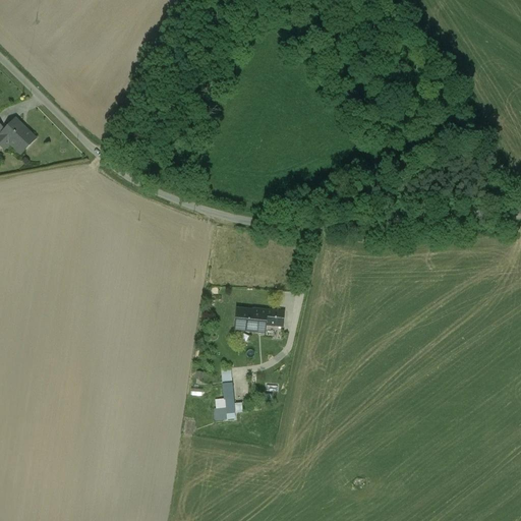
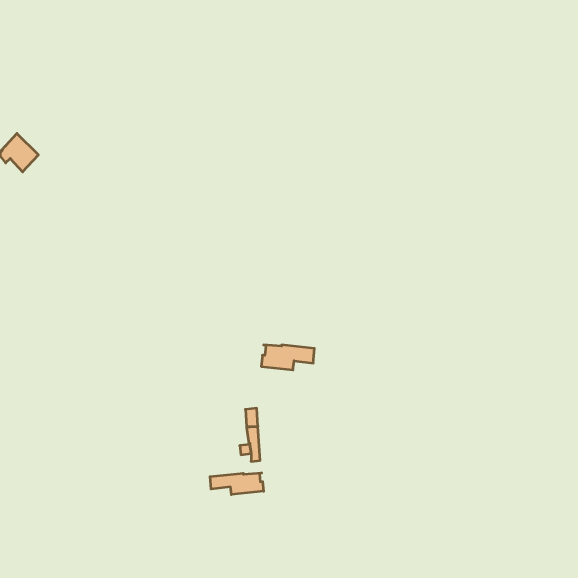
building: none -> [210,473,264,495]

